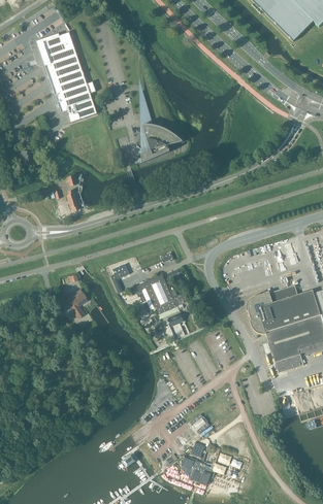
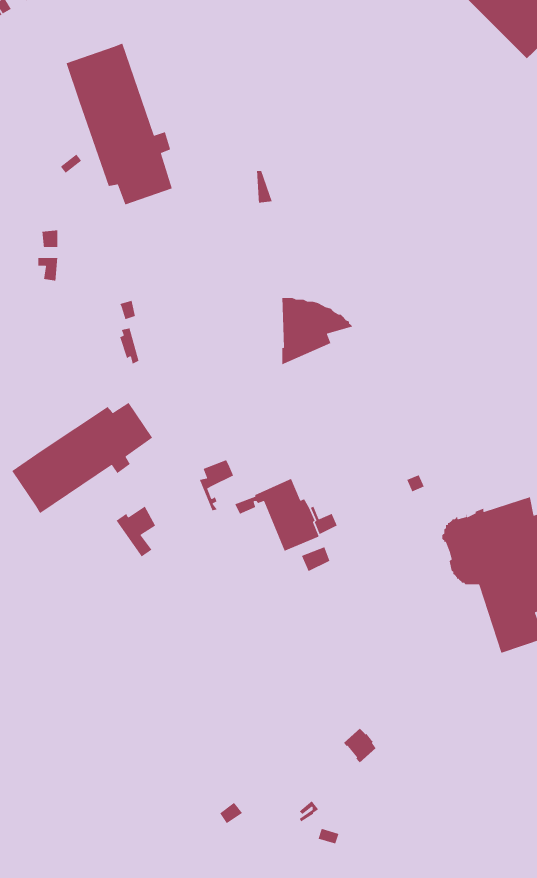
building: [142,125,183,163] -> [281,297,354,366]
building: none -> [11,402,153,514]
building: [182,458,214,485] -> none

